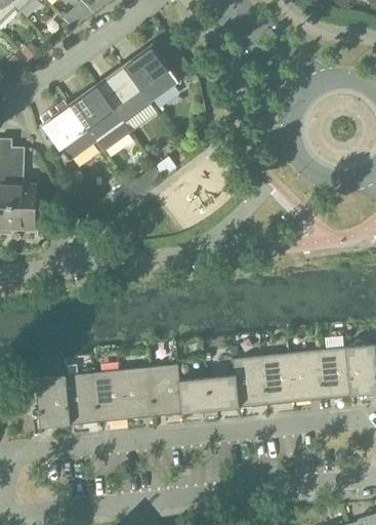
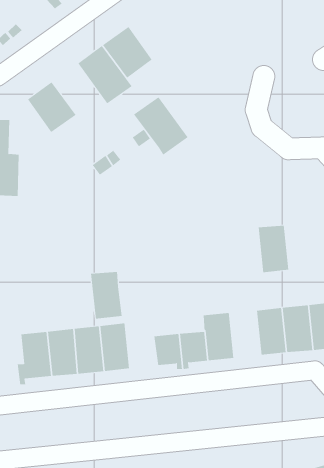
building: [69,86,128,150] -> [133,96,188,155]
building: [260,353,294,404] -> [258,225,289,273]
building: [148,364,182,415] -> [90,272,123,319]

